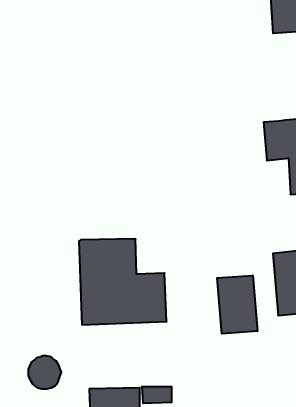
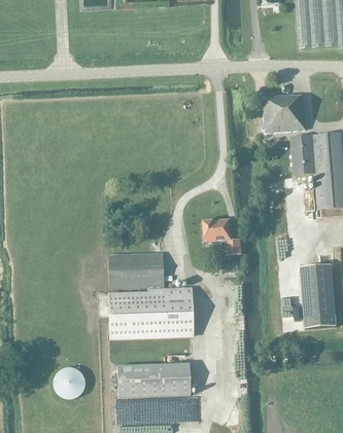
building: none -> [262,95,306,132]
building: none -> [202,218,241,254]
building: [217,275,257,334] -> none
building: none -> [117,363,191,396]

